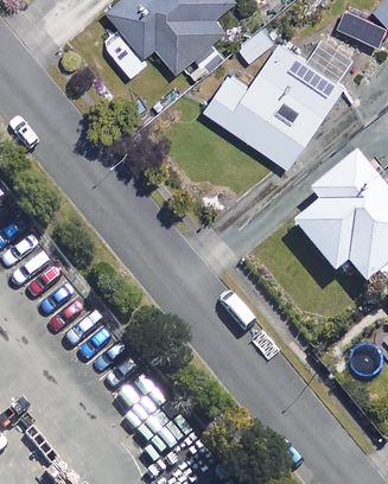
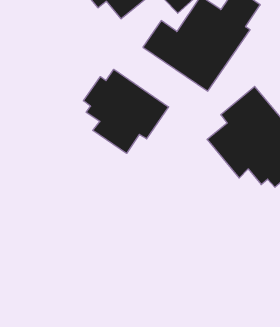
building: none -> [83,69,169,153]

